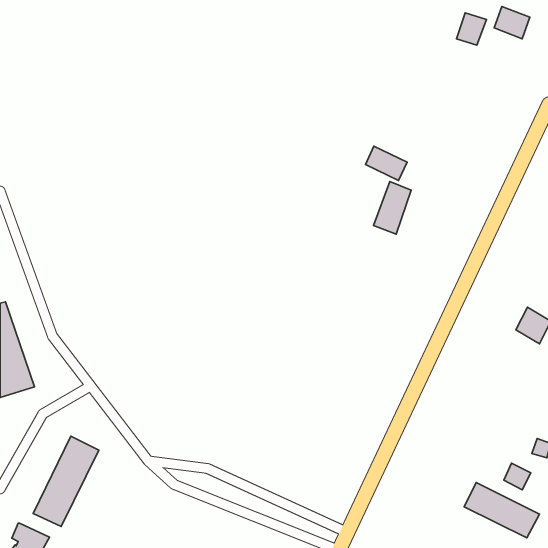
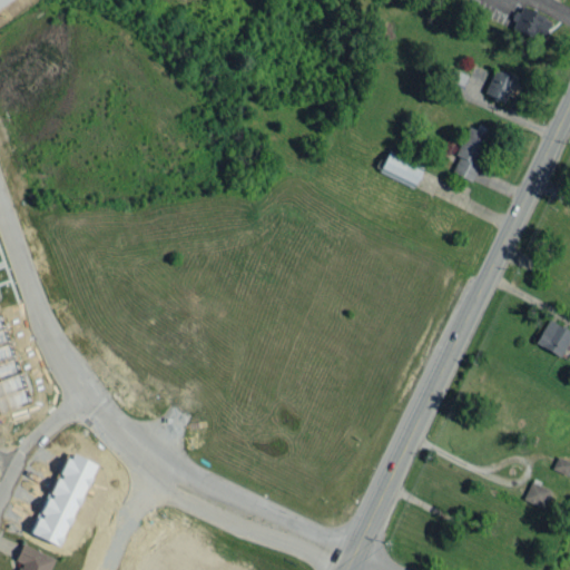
building: [456,13,487,45] -> [485,69,517,102]
building: [374,182,411,234] -> [451,127,490,181]
building: [464,482,539,538] -> none

